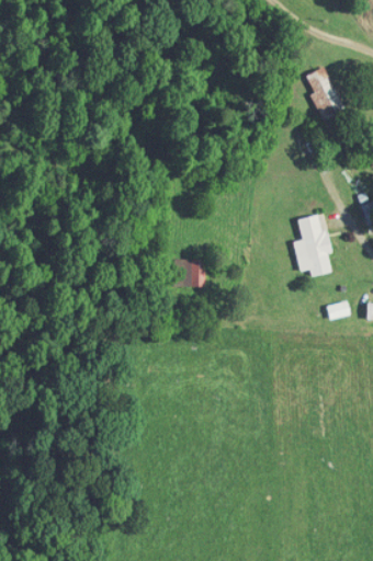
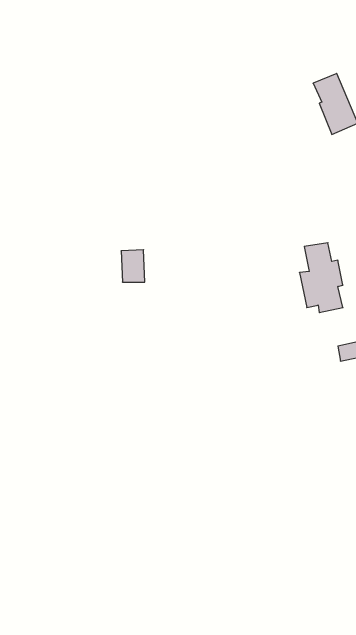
building: [185,259,206,287] -> [121,250,145,282]

